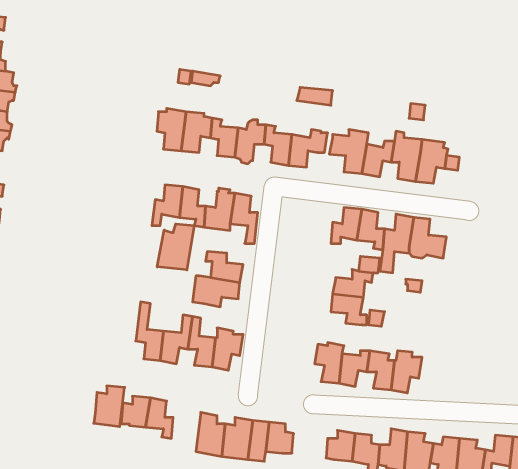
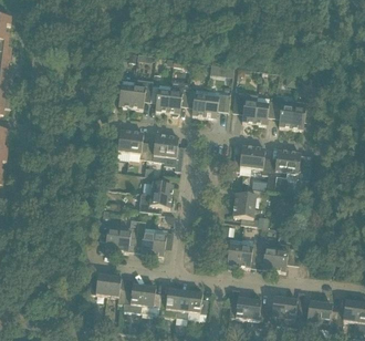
building: [157,224,194,270] -> none
building: [94,386,125,427] -> [123,283,144,311]

